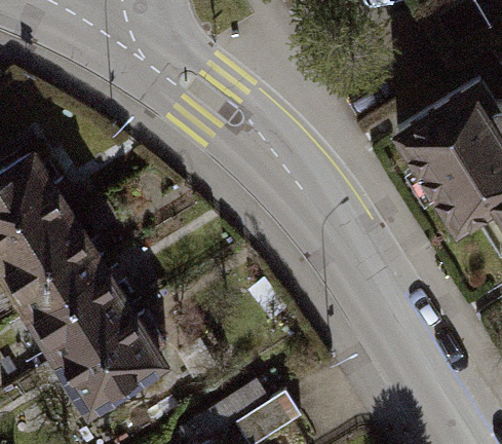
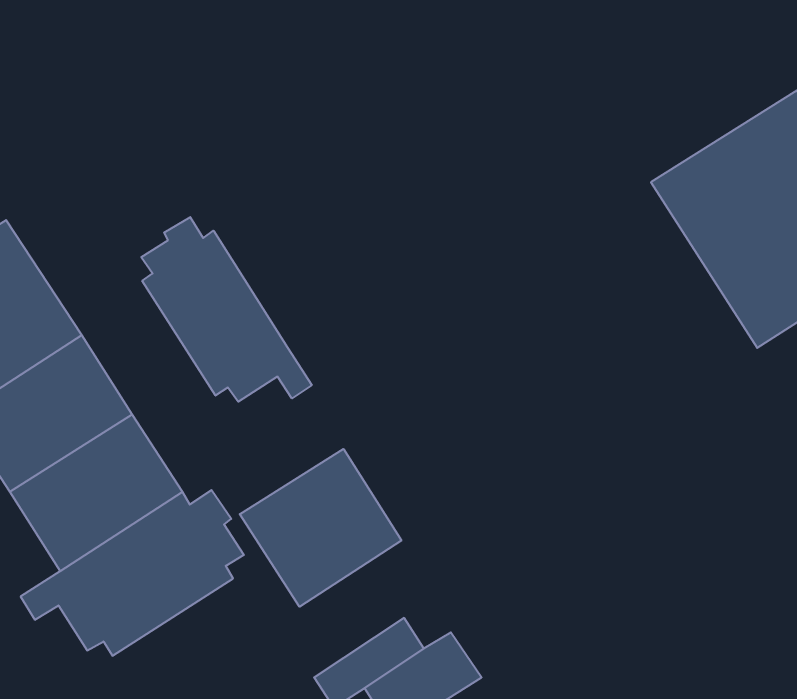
building: none -> [141,217,312,402]
building: none -> [240,449,401,607]

